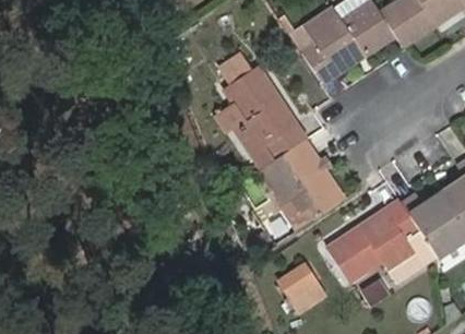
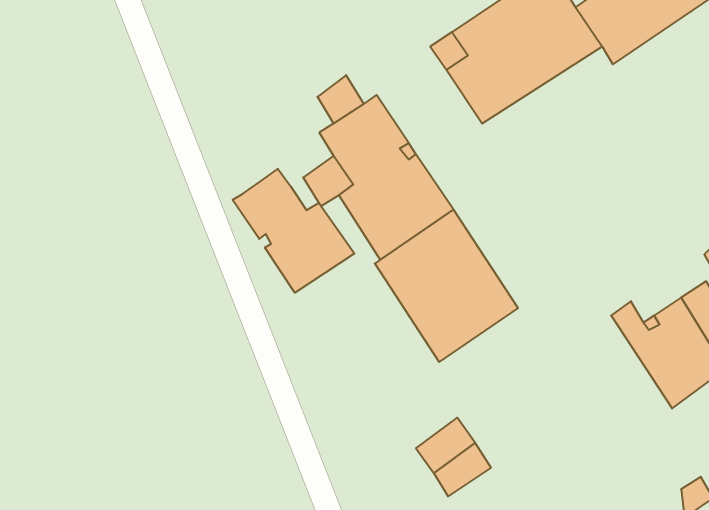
building: none -> [233,169,354,293]
building: [326,199,439,285] -> none

